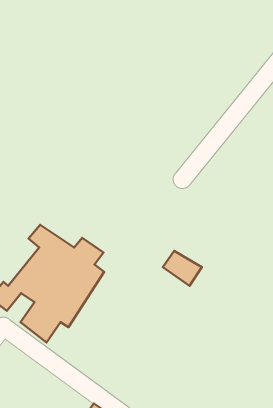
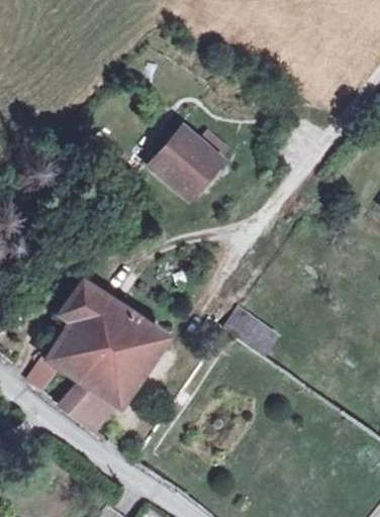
building: none -> [159,135,235,209]

